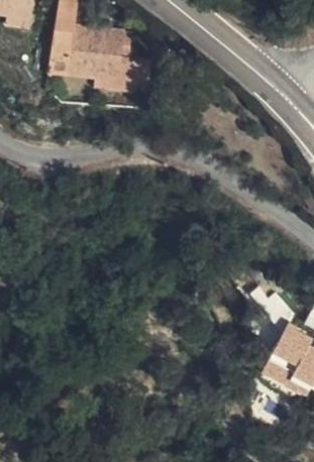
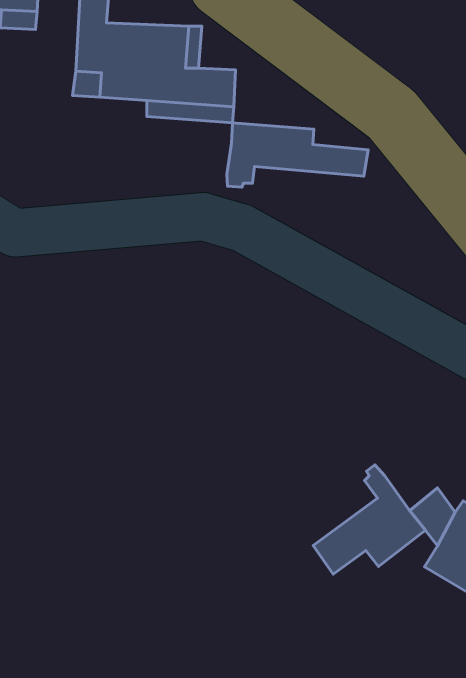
building: none -> [227,123,368,187]
building: none -> [313,465,425,574]

